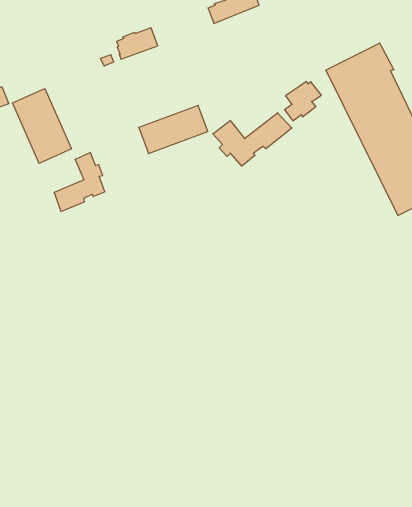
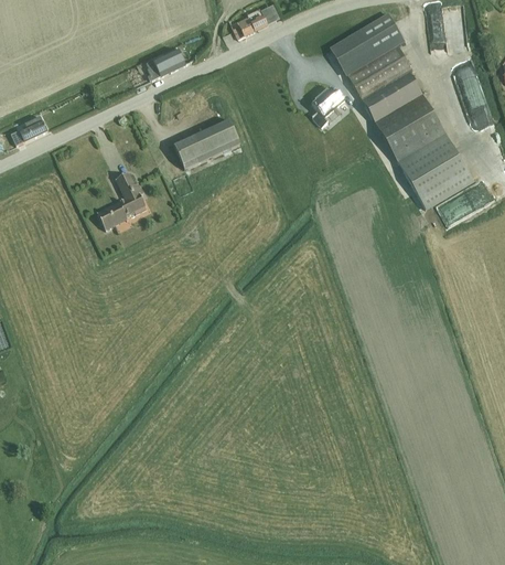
building: none -> [331,14,405,76]
building: [13,89,71,163] -> none
building: [213,113,292,166] -> none

